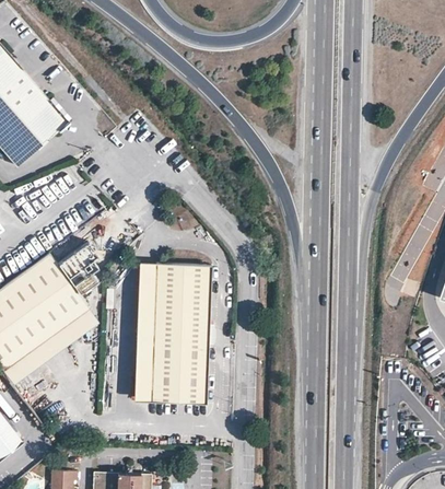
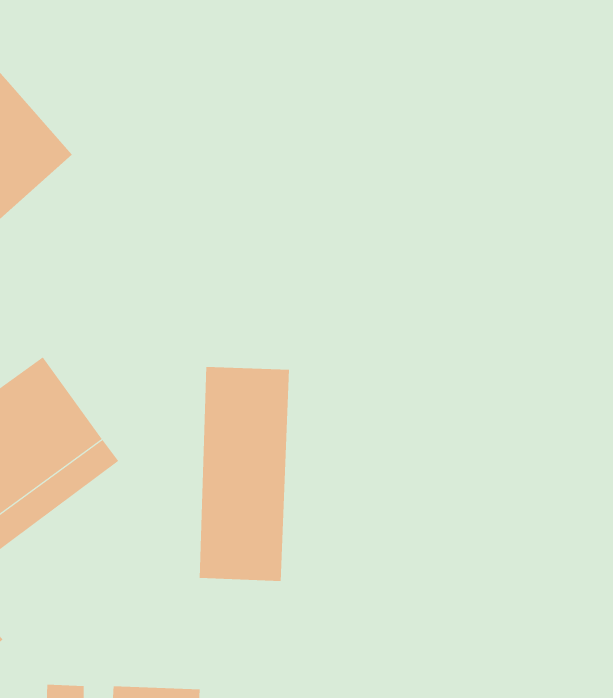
building: [134,263,155,403] -> none

